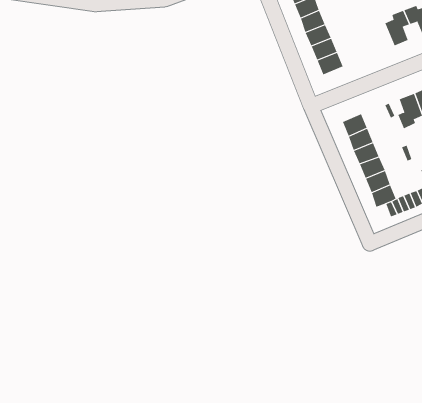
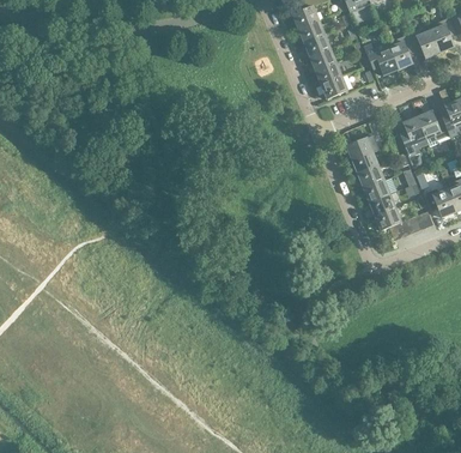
building: none -> [365,46,398,76]

